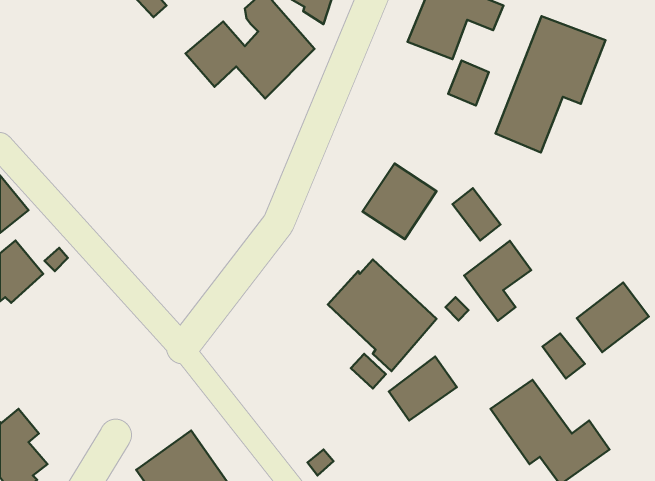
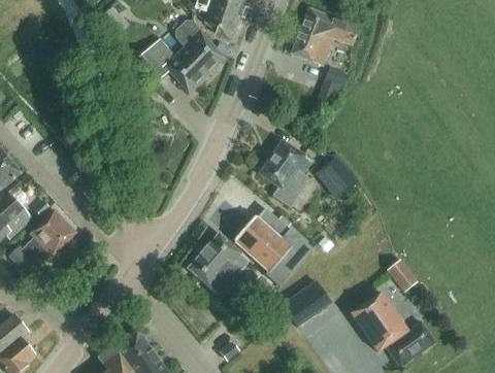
building: [496,16,606,152] -> none
building: [464,241,531,321] -> none
building: none -> [9,209,76,274]
building: [577,283,649,352] -> none
building: none -> [188,232,249,294]

